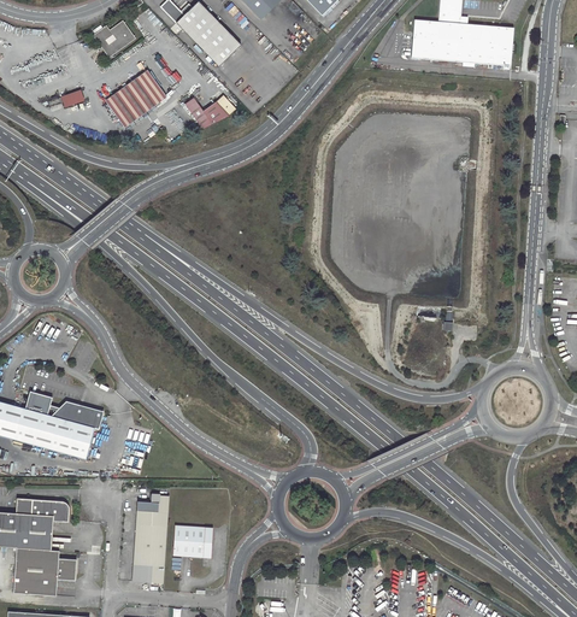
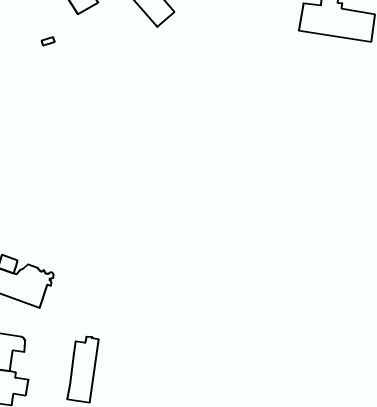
building: [108,72,164,123] -> none
building: [186,94,237,128] -> none
building: [172,525,213,559] -> none

